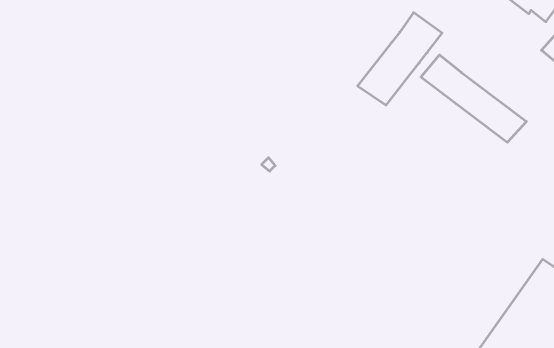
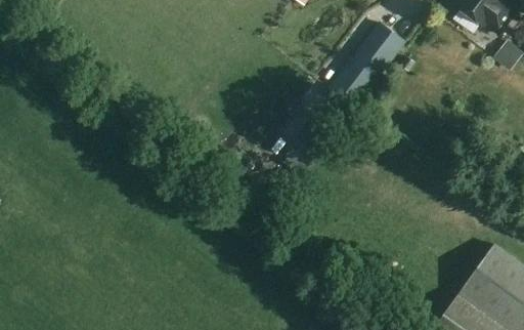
building: [421,55,526,142] -> none

